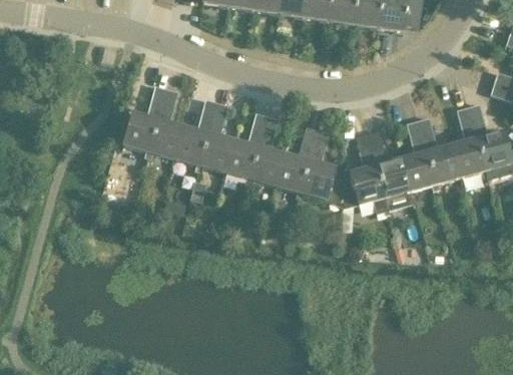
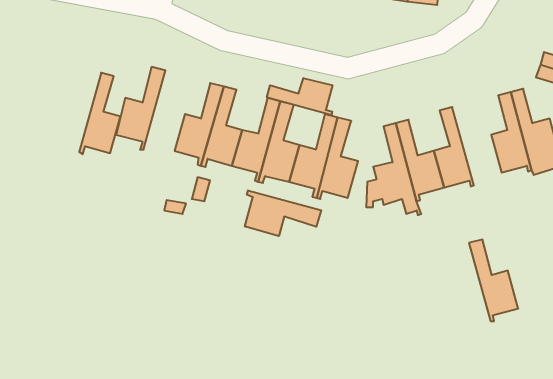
building: [147,87,183,158] -> [79,73,121,154]
building: none -> [267,78,332,115]
building: [417,116,460,188] -> [469,240,518,321]
building: none -> [245,190,321,236]

